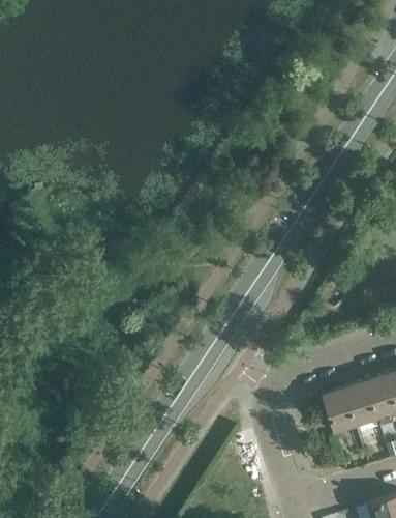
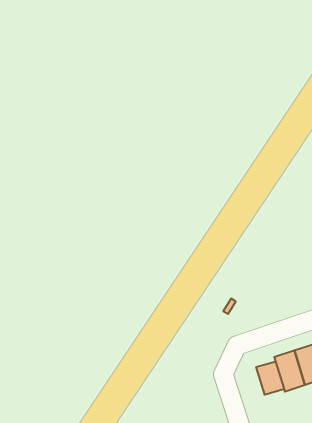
building: none -> [256,361,284,395]

